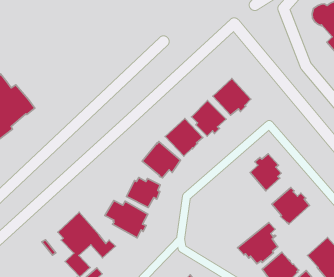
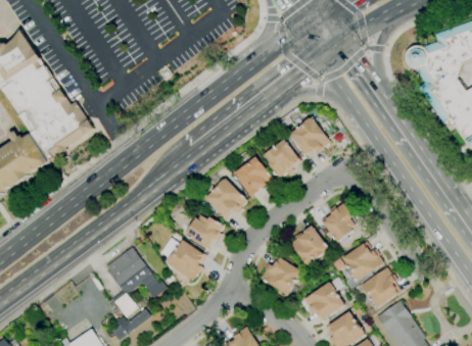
building: none -> [290,226,330,266]
building: none -> [261,258,301,295]
building: none -> [361,268,397,308]

